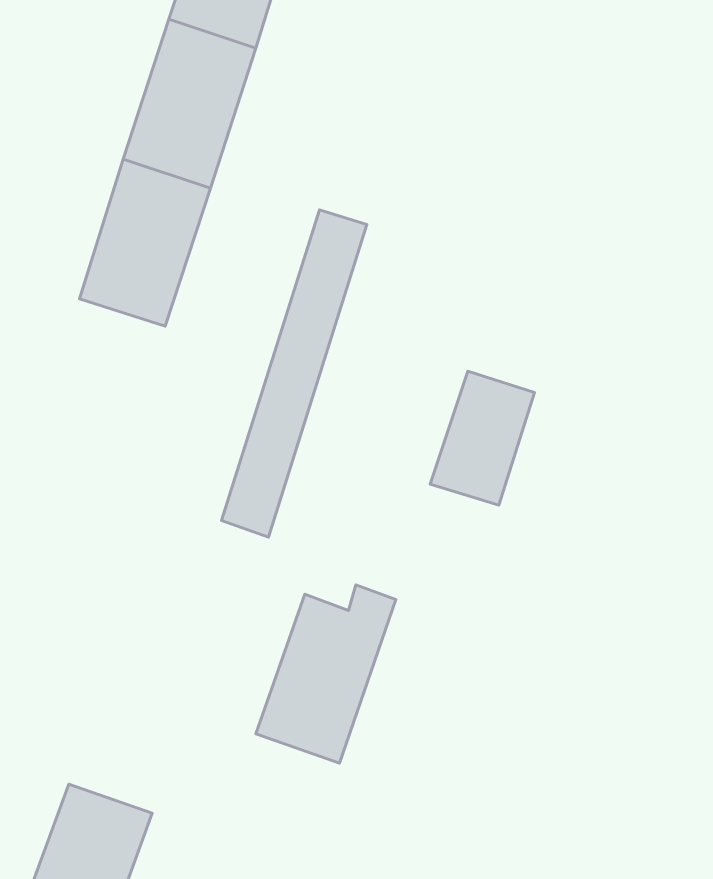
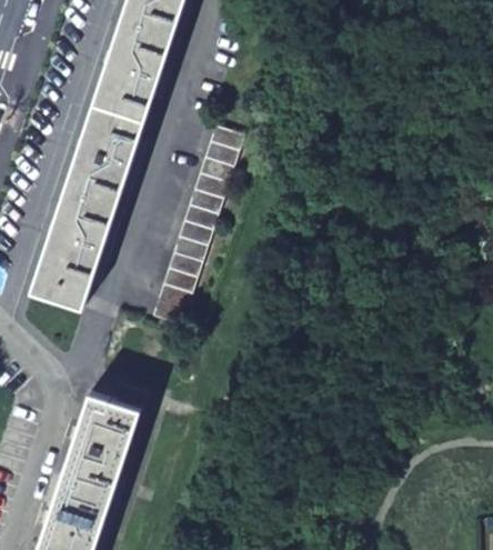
building: none -> [31,187,118,309]
building: [430,371,534,505] -> none
building: [256,585,396,763] -> [59,392,144,501]

